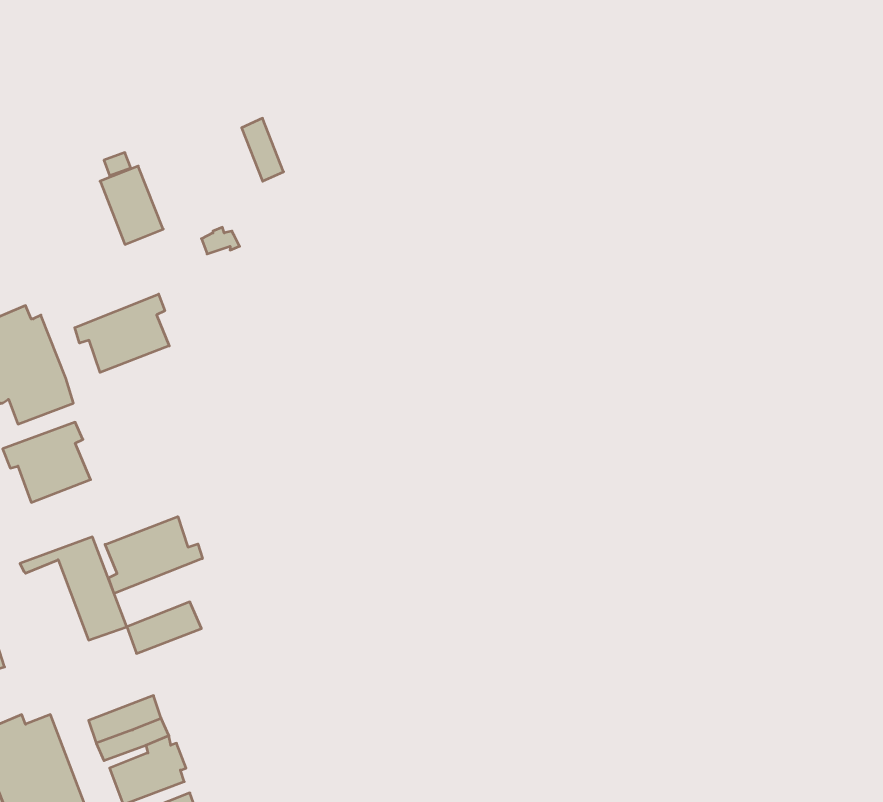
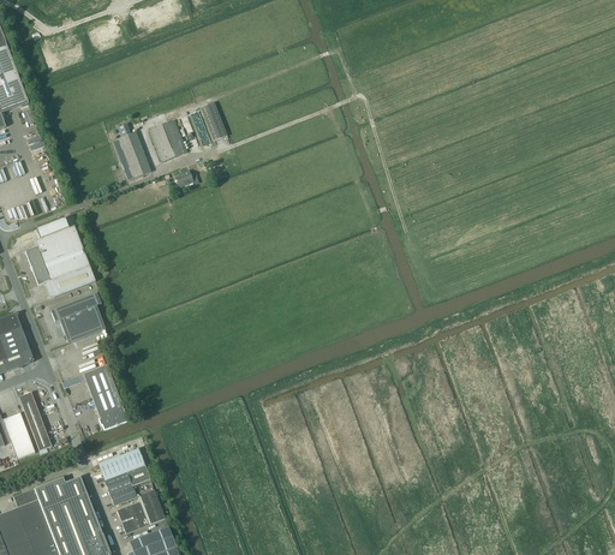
building: none -> [148,120,186,162]
building: [75,294,169,372] -> none
building: [105,517,202,594] -> none
building: [127,602,201,653] -> [97,448,144,481]

